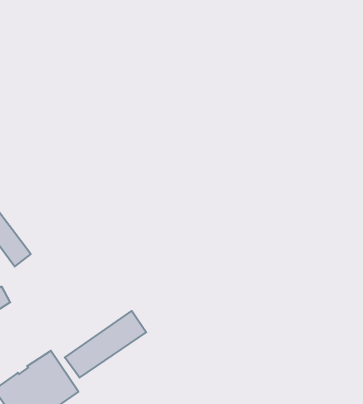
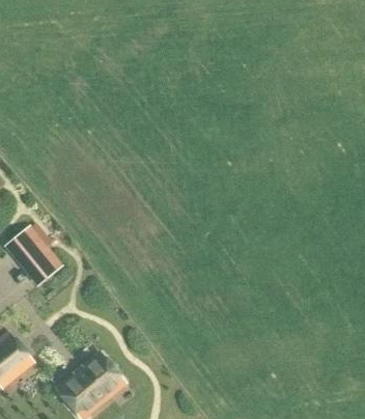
building: [65,311,146,378] -> none

